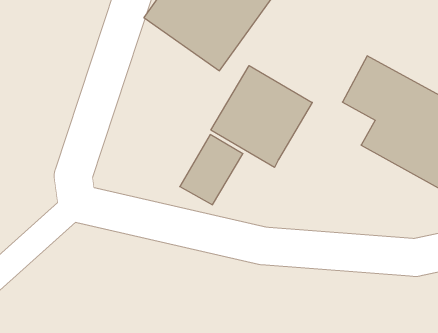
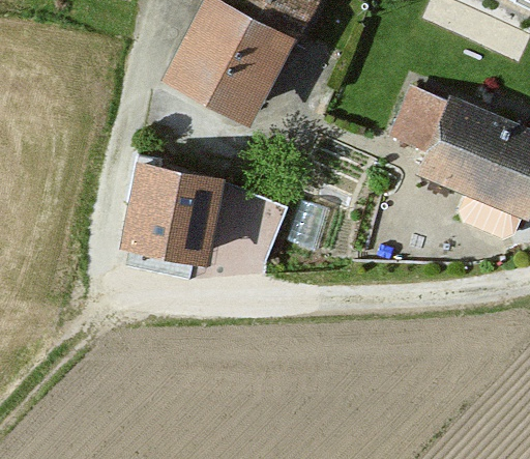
building: [211,66,312,167] -> none
building: none -> [119,153,226,264]

